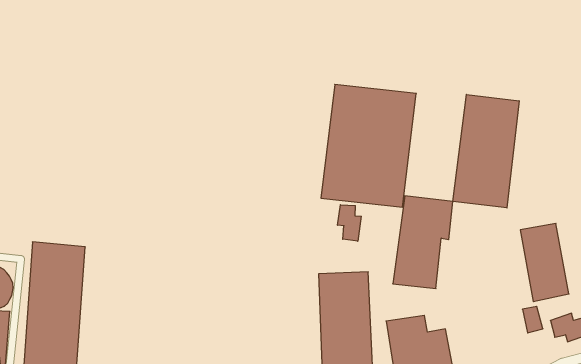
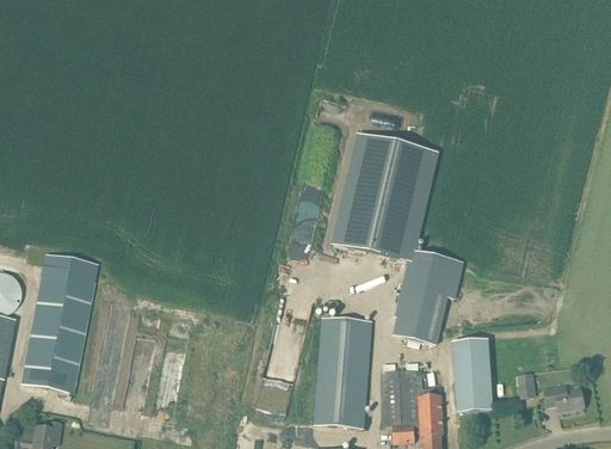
building: [453,94,519,208] -> none
building: [338,205,361,241] -> none
building: [520,223,569,302] -> [452,338,493,412]

